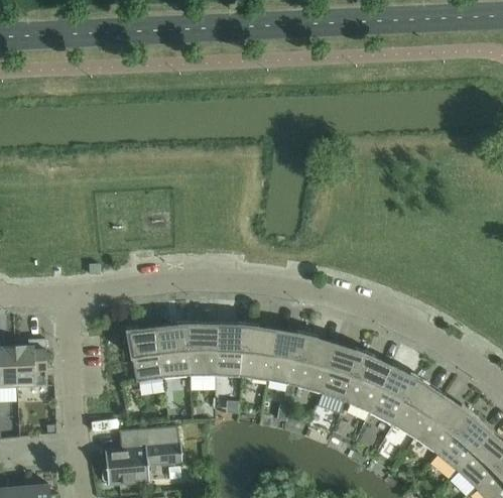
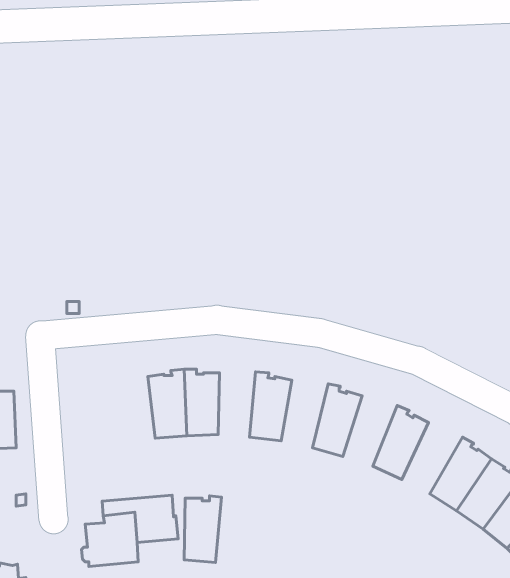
building: [216,323,247,378] -> [184,496,222,562]
building: [126,327,163,383] -> none
building: [268,331,307,387] -> none
building: [320,344,365,402] -> none
building: [369,366,419,425] -> none

